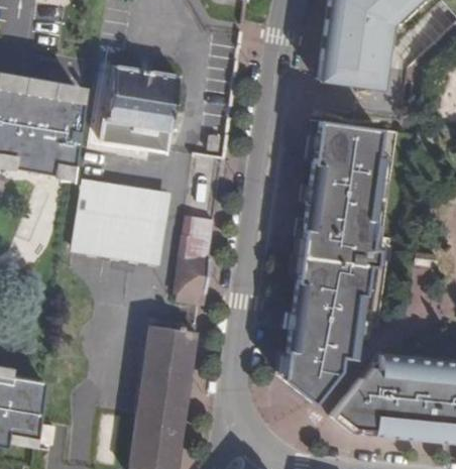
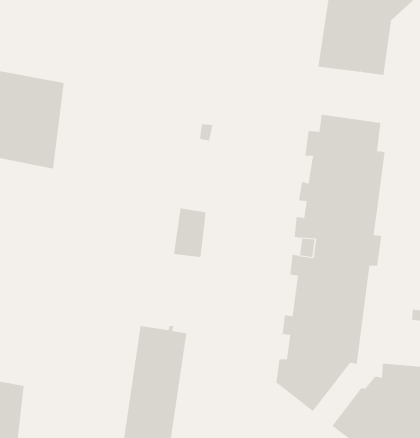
building: [96,64,176,149] -> none
building: [70,186,157,259] -> none
building: [179,256,210,303] -> none

